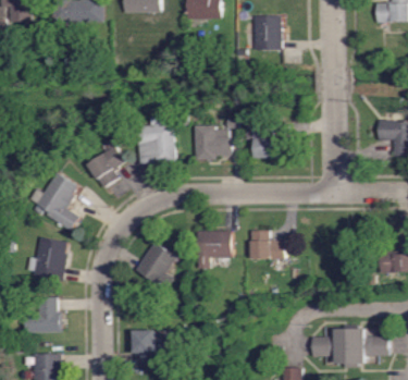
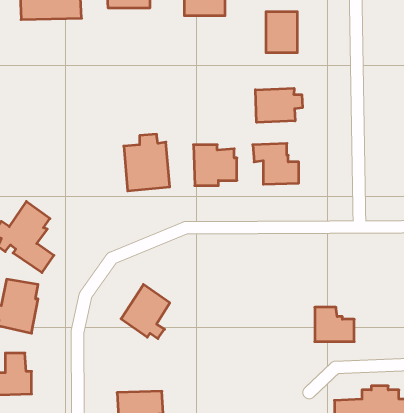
building: none -> [255,88,302,122]
building: [89,138,124,186] -> none
building: [250,230,283,258] -> [315,307,354,342]
building: [197,231,230,268] -> none

